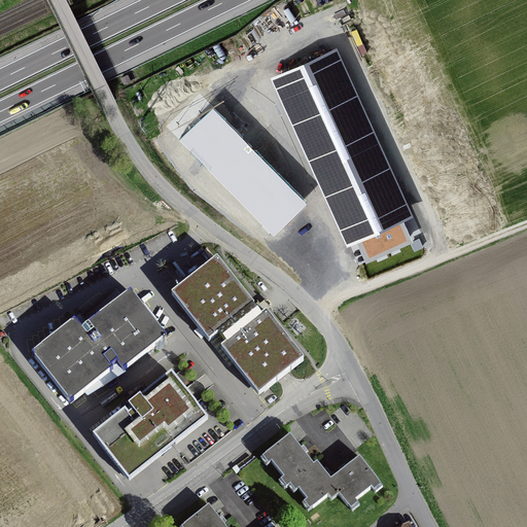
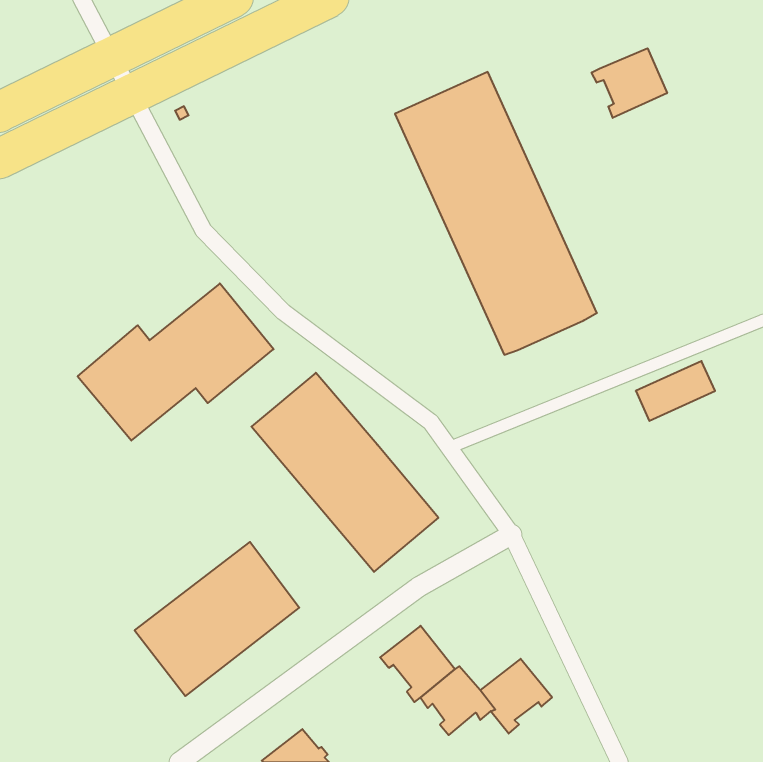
building: none -> [592,48,667,118]
building: [179,107,305,234] -> none
building: [356,220,411,261] -> [636,361,715,421]
building: [32,289,167,397] -> [78,283,274,441]

